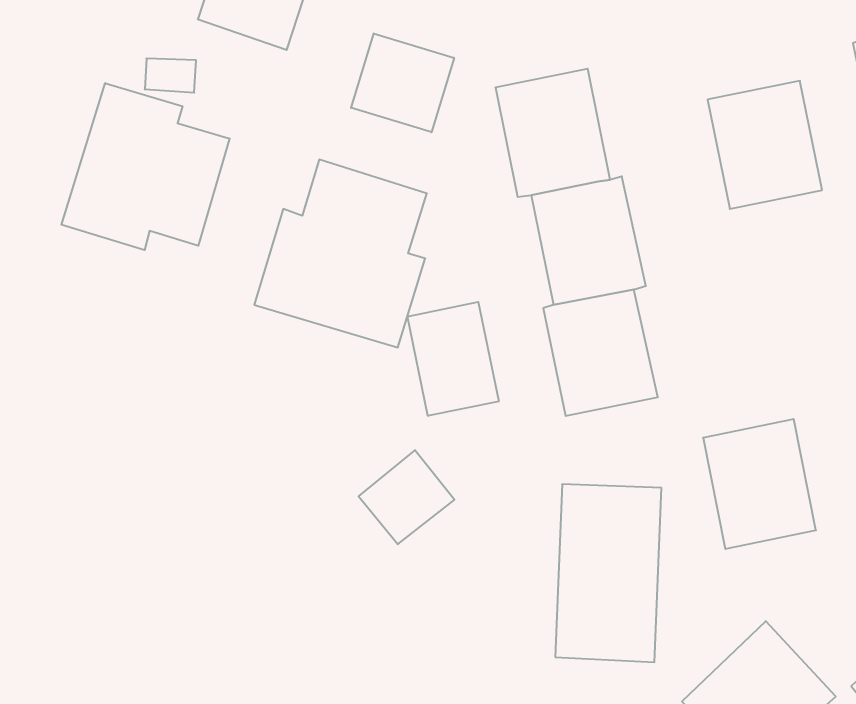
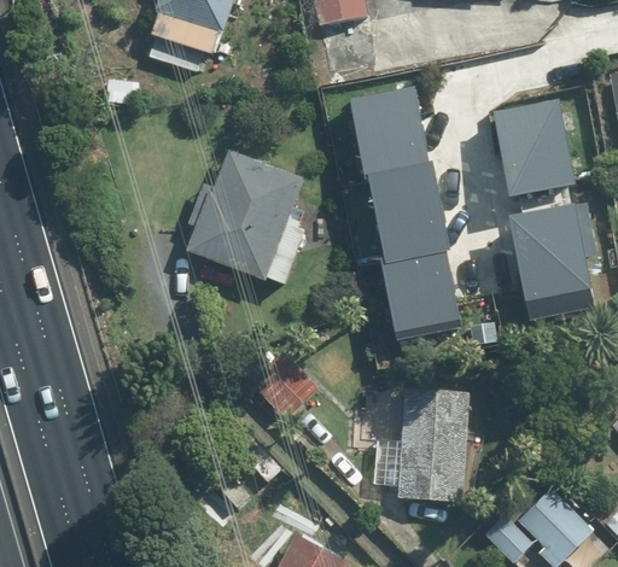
building: [351,33,454,132] -> none
building: [61,83,230,250] -> none
building: [407,302,499,416] -> none
building: [703,419,816,549] -> [514,201,594,293]

